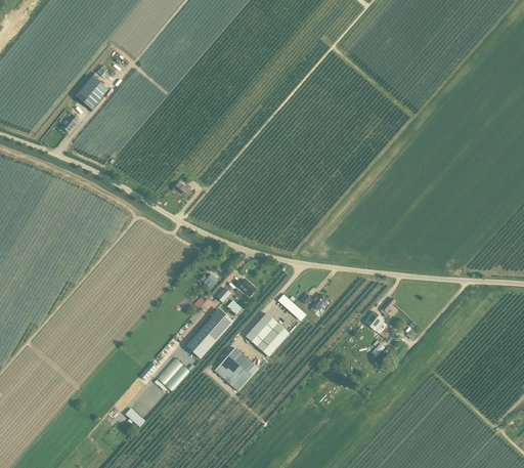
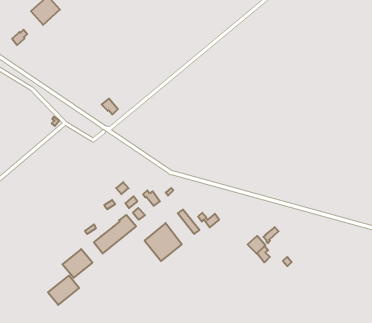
building: [214,346,257,390] -> none
building: none -> [48,276,79,305]

